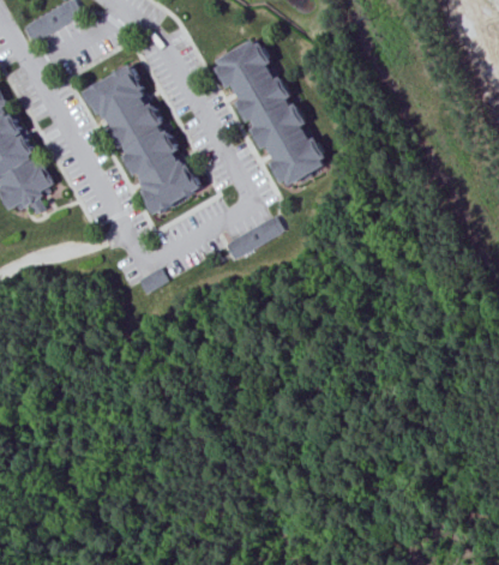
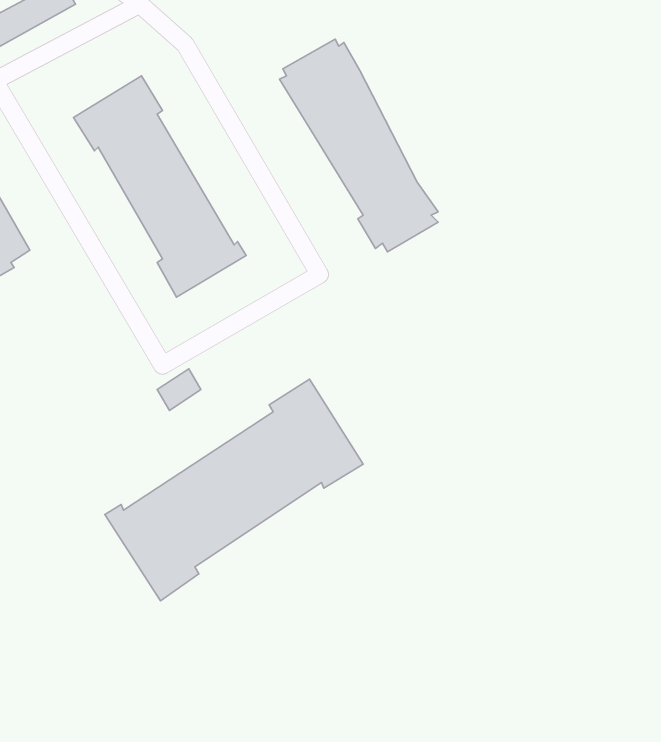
building: [230,214,289,259] -> none
building: none -> [105,379,363,601]

